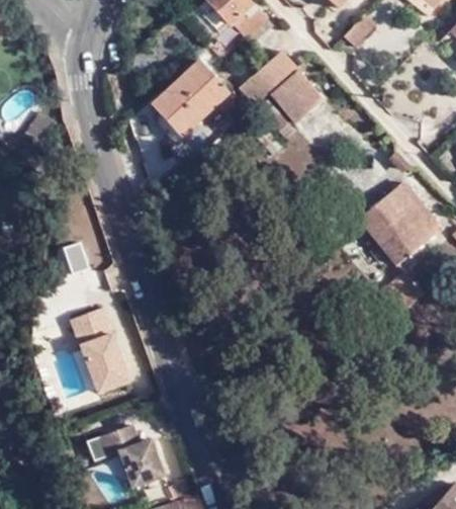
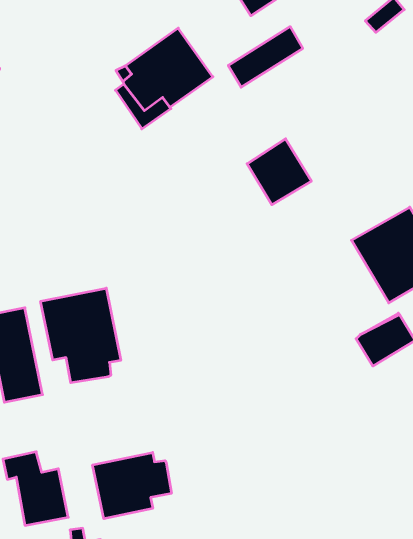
building: [271,68,326,123] -> [247,139,311,205]
building: none -> [41,288,121,383]
building: none -> [93,452,171,519]

